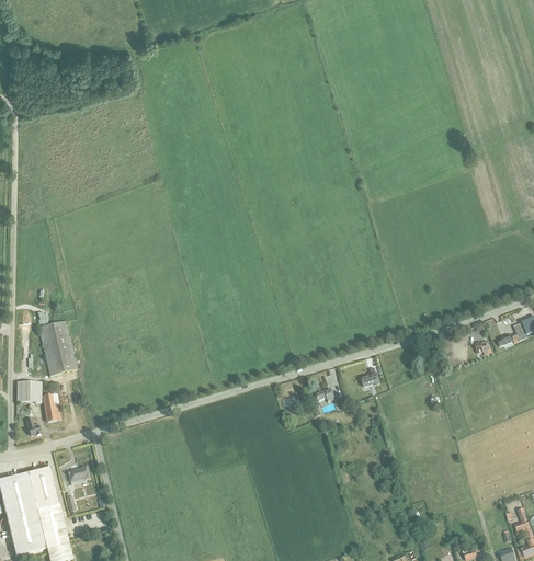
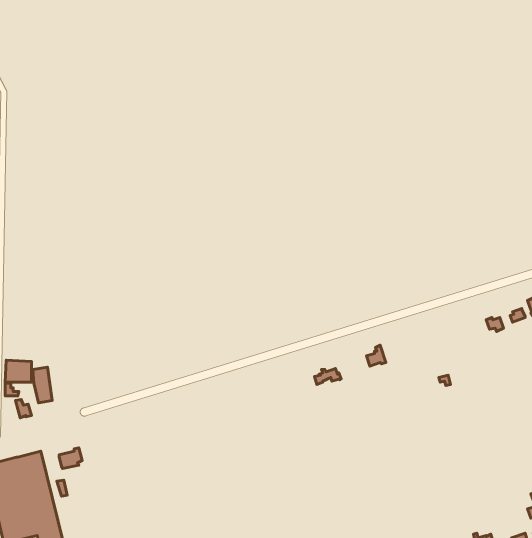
building: [37,319,77,375] -> none

